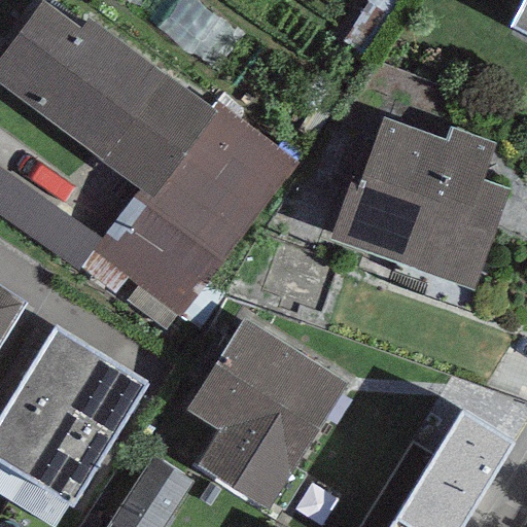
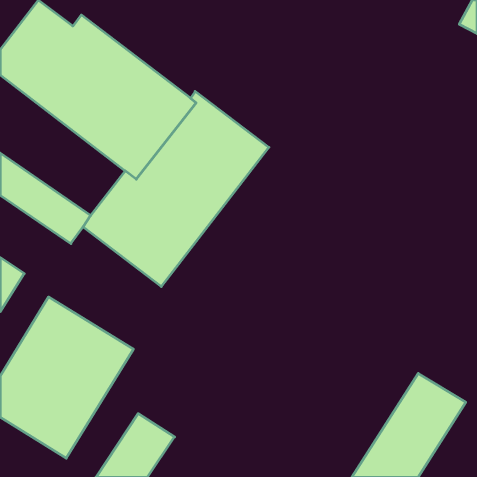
building: [330,118,508,288] -> none
building: [186,318,348,510] -> none

